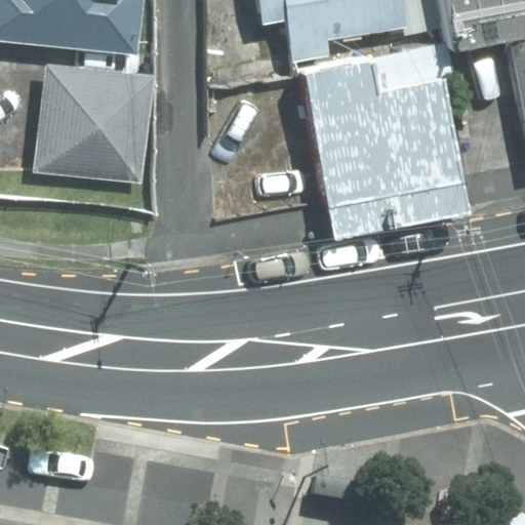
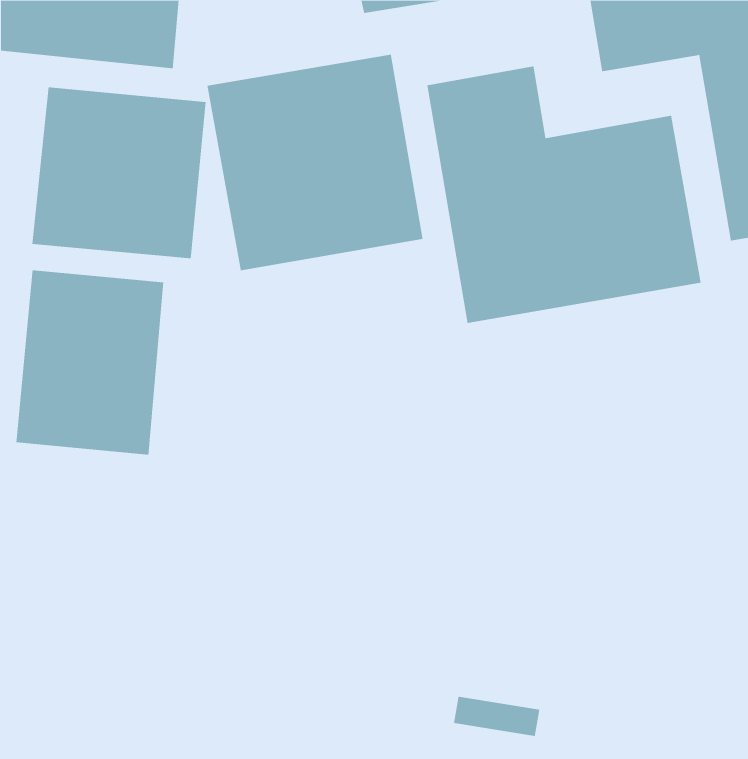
building: none -> [207,54,423,271]
building: none -> [16,270,164,455]

